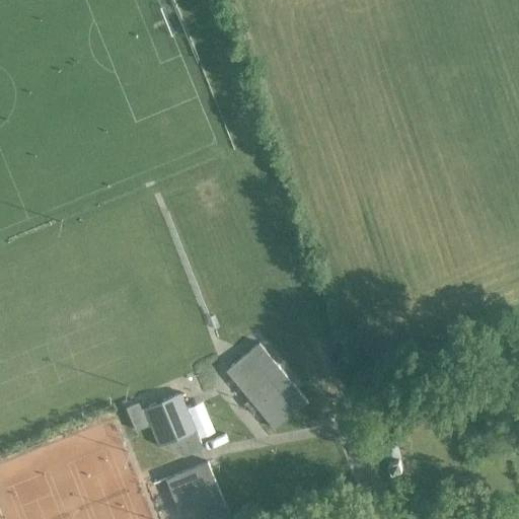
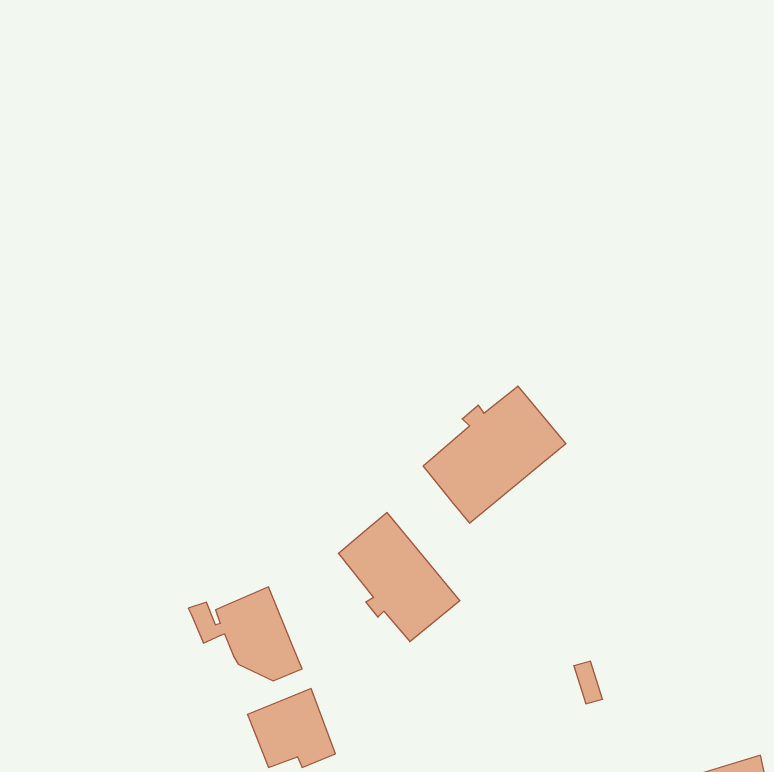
building: none -> [423,386,566,523]

